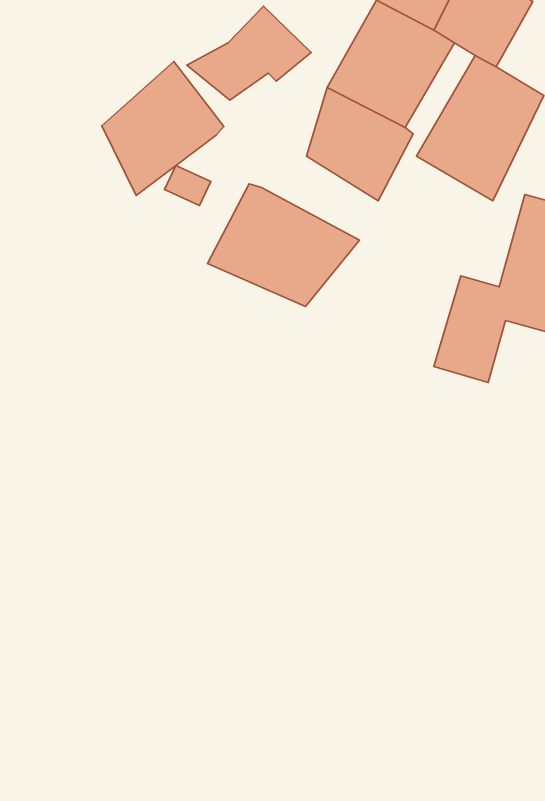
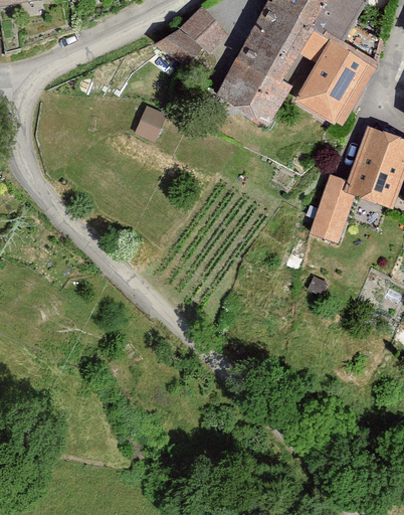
building: [102,61,224,196] -> none
building: [207,184,359,306] -> none

